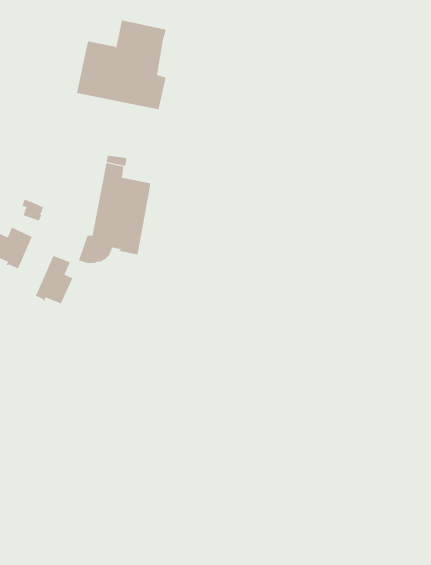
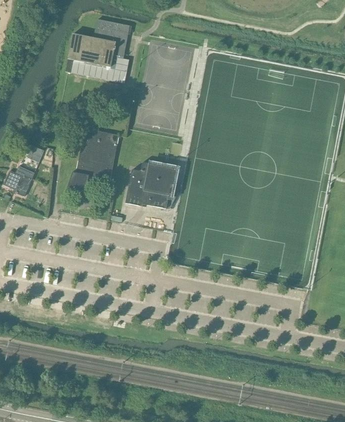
building: none -> [126,162,177,209]
building: [35,255,73,304] -> none

